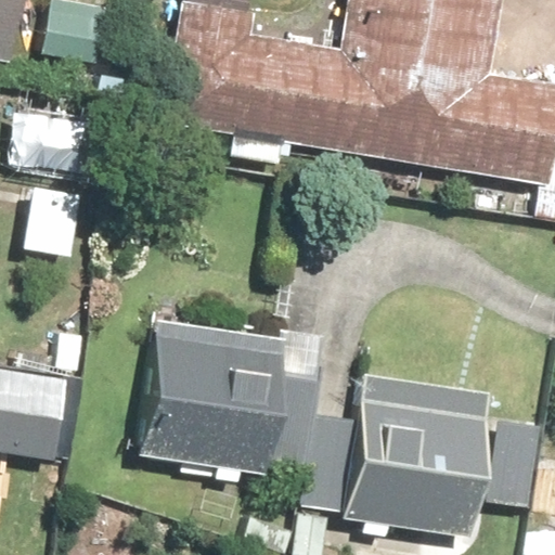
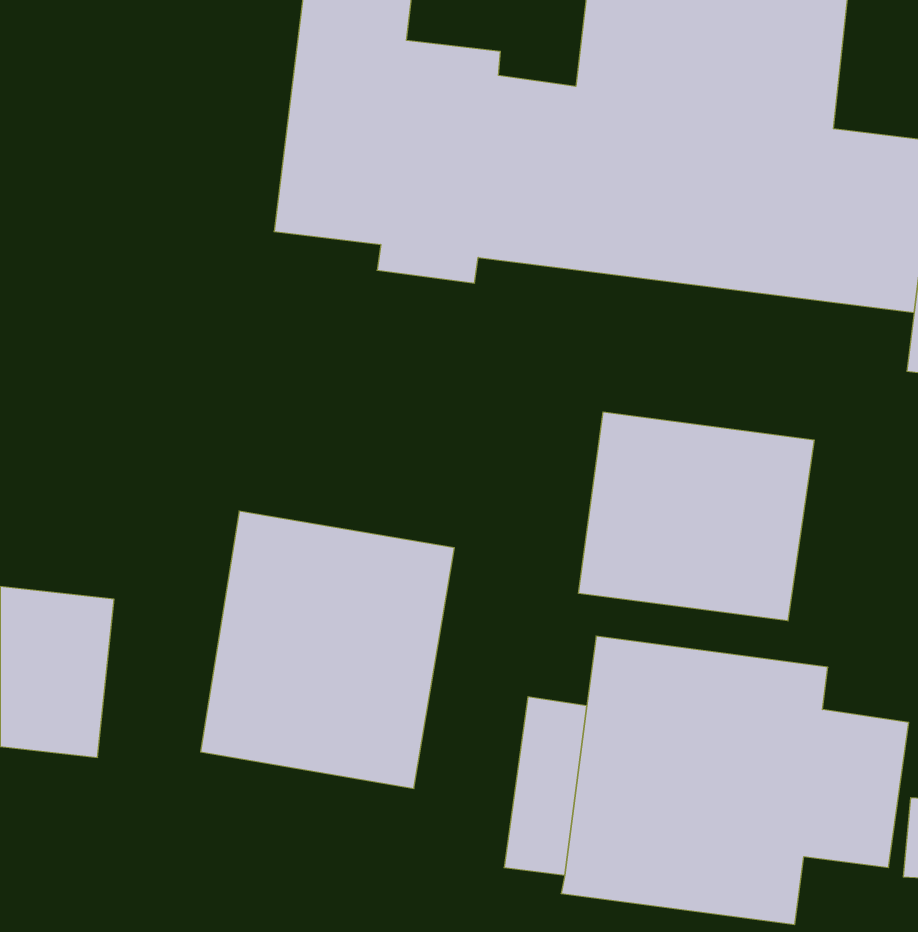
building: none -> [579,412,814,621]

